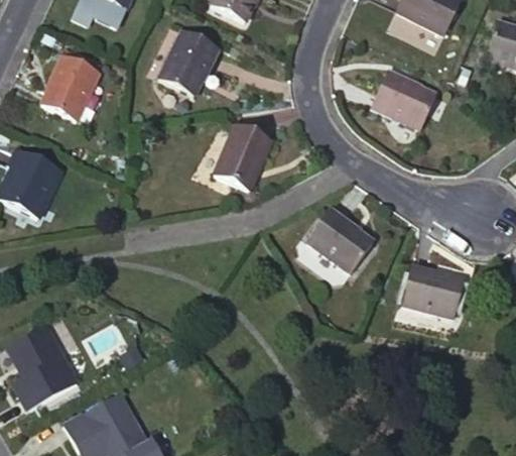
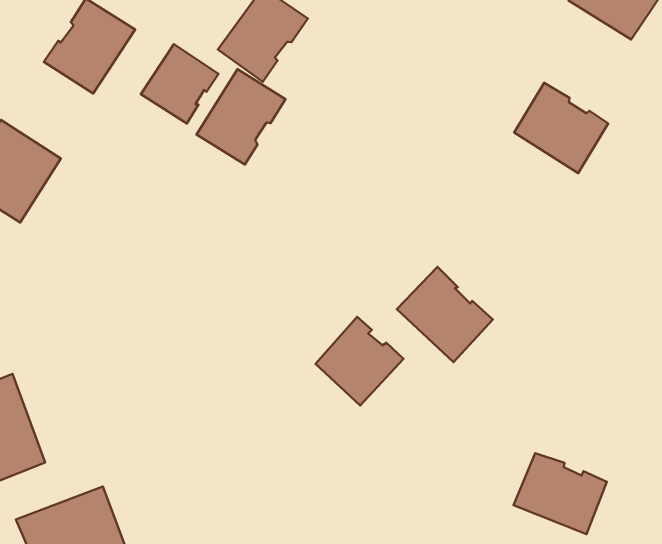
building: none -> [141,44,219,124]
building: [214,123,272,189] -> [197,69,286,164]
building: none -> [315,317,404,406]
building: [402,265,465,317] -> [514,453,607,534]

